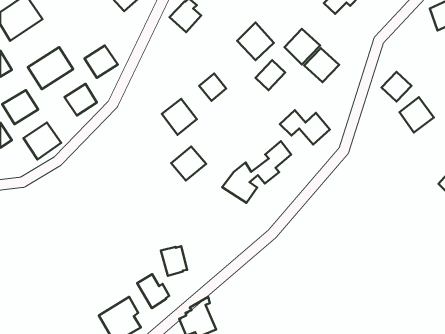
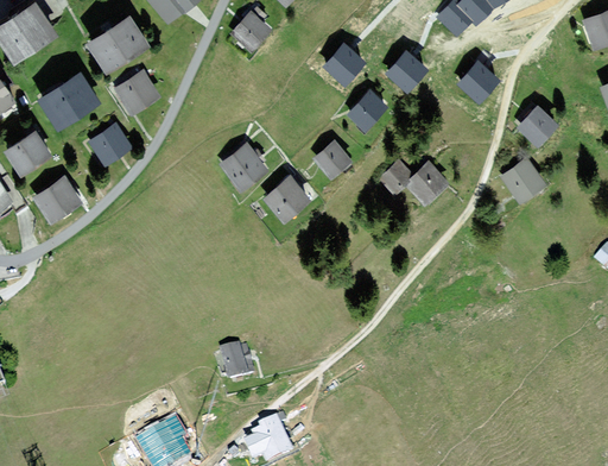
building: none -> [87,17,150,75]
building: [304,48,339,82] -> [458,61,506,107]
building: [199,74,226,101] -> [314,143,350,180]
building: [400,97,434,132] -> [501,157,547,204]
building: [222,141,291,203] -> none
building: [171,146,206,181] -> [264,177,311,223]
building: [137,274,169,308] -> none

